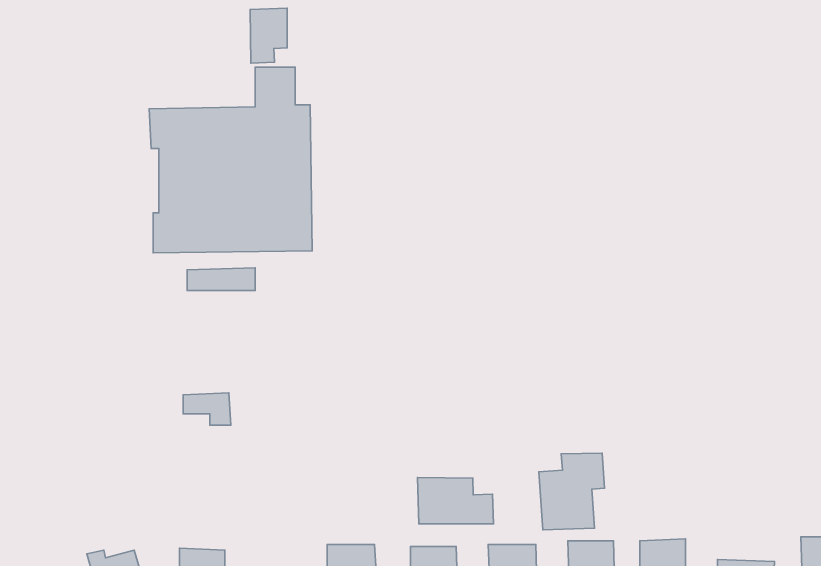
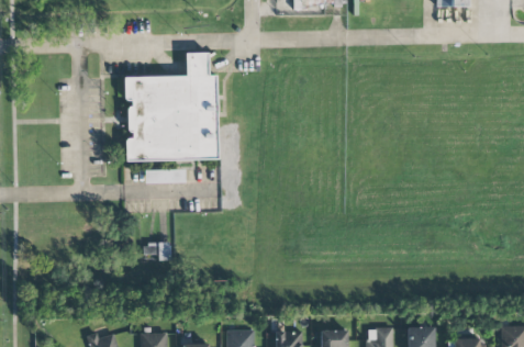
building: [250,8,287,63] -> none
building: [539,453,605,530] -> none
building: [417,478,493,524] -> none

